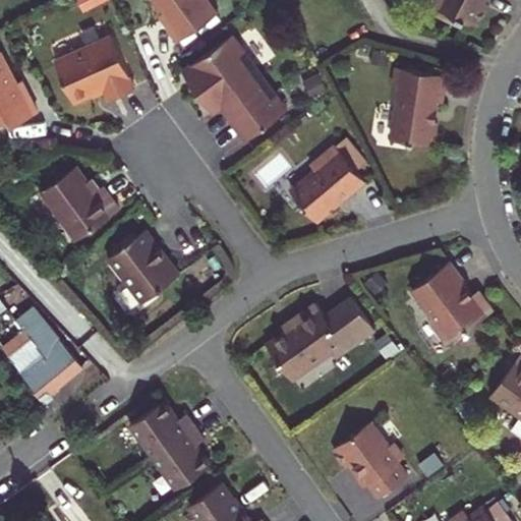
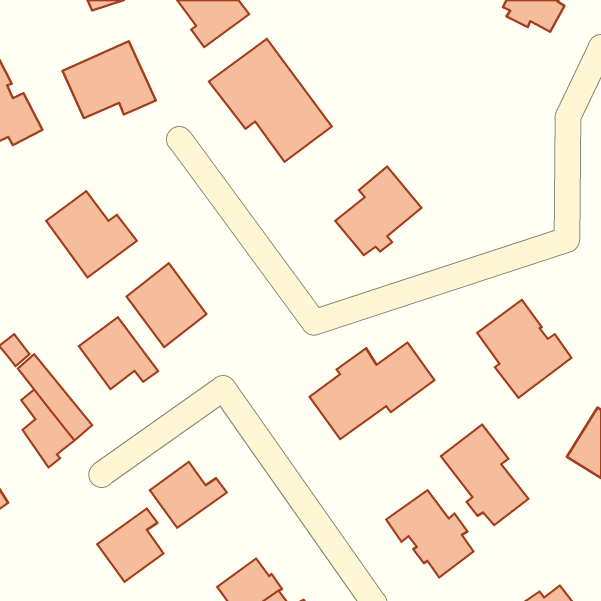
building: [382,61,444,142] -> none
building: none -> [79,317,158,389]
building: none -> [441,424,528,525]
building: [153,426,210,489] -> [97,509,163,582]

